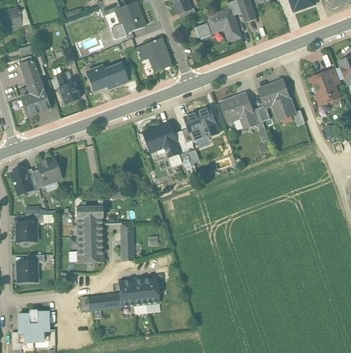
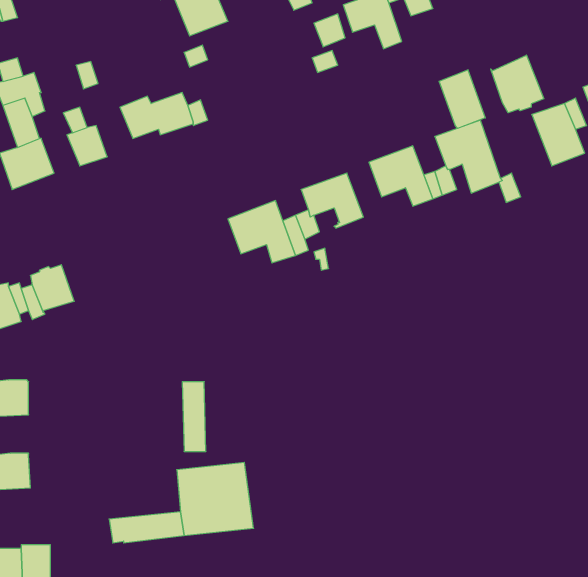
building: [137,37,171,71] -> none
building: none -> [491,55,544,113]
building: none -> [439,70,485,128]
building: [75,206,103,262] -> none

